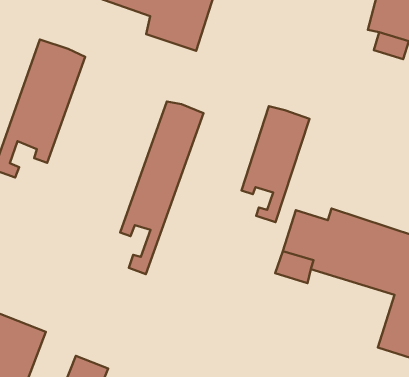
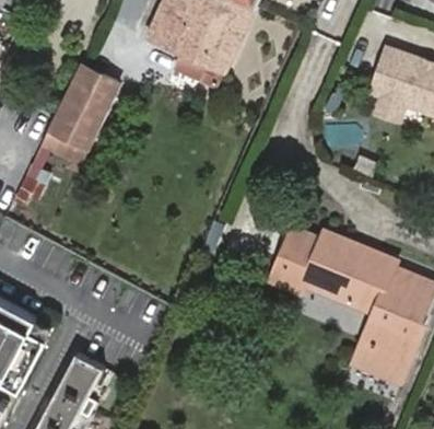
building: [120,101,203,274] -> none
building: [241,106,310,222] -> none

